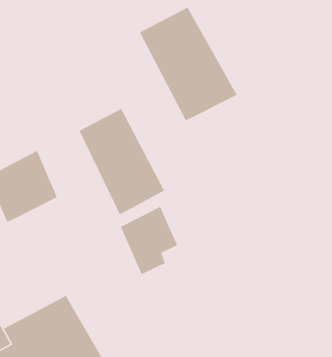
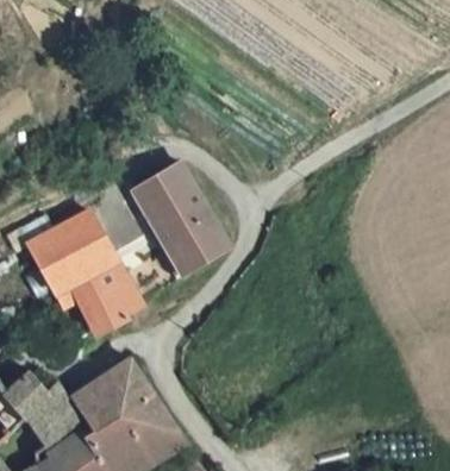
building: [139,7,238,122] -> none
building: [120,206,178,275] -> [69,260,133,337]

